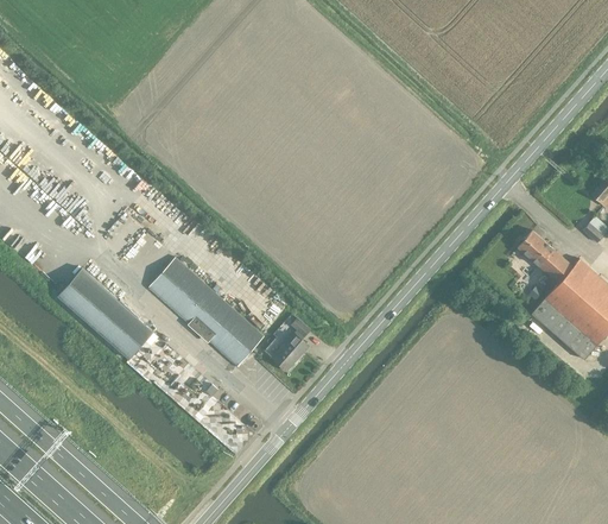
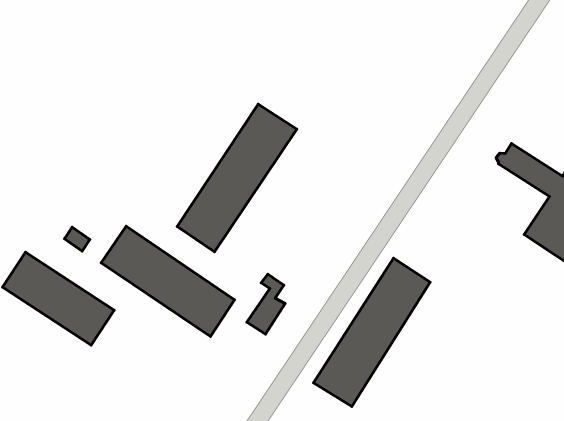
building: none -> [177,104,297,252]
building: none -> [314,258,430,406]

